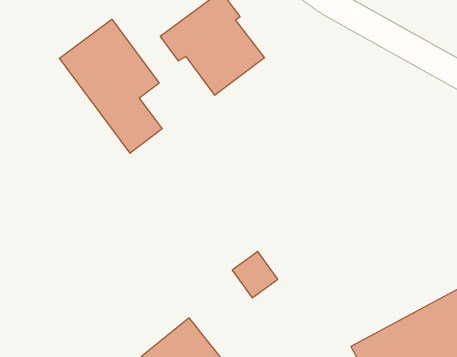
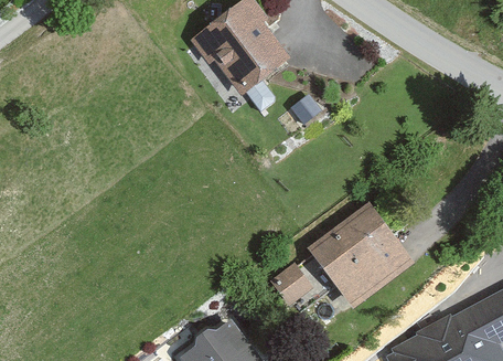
building: [59,19,162,153] -> none
building: none -> [308,206,410,308]

